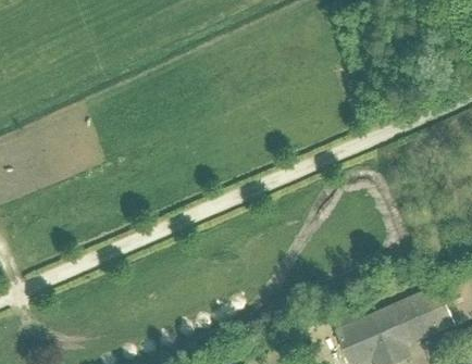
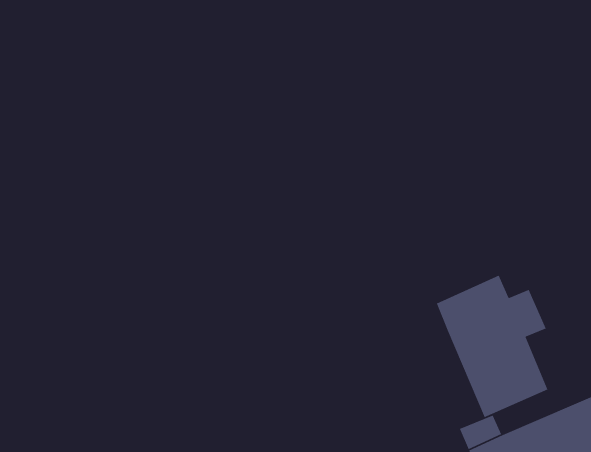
building: none -> [436,274,548,418]

